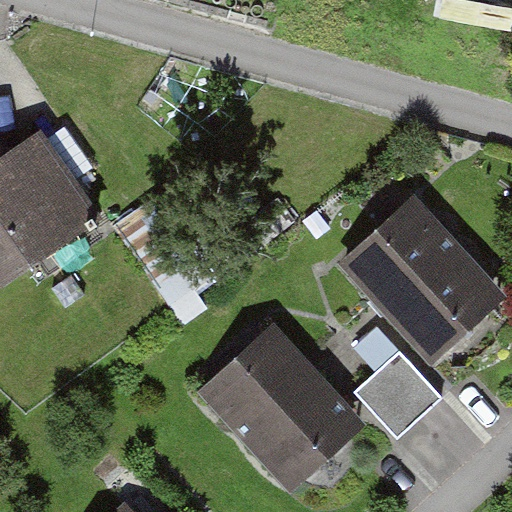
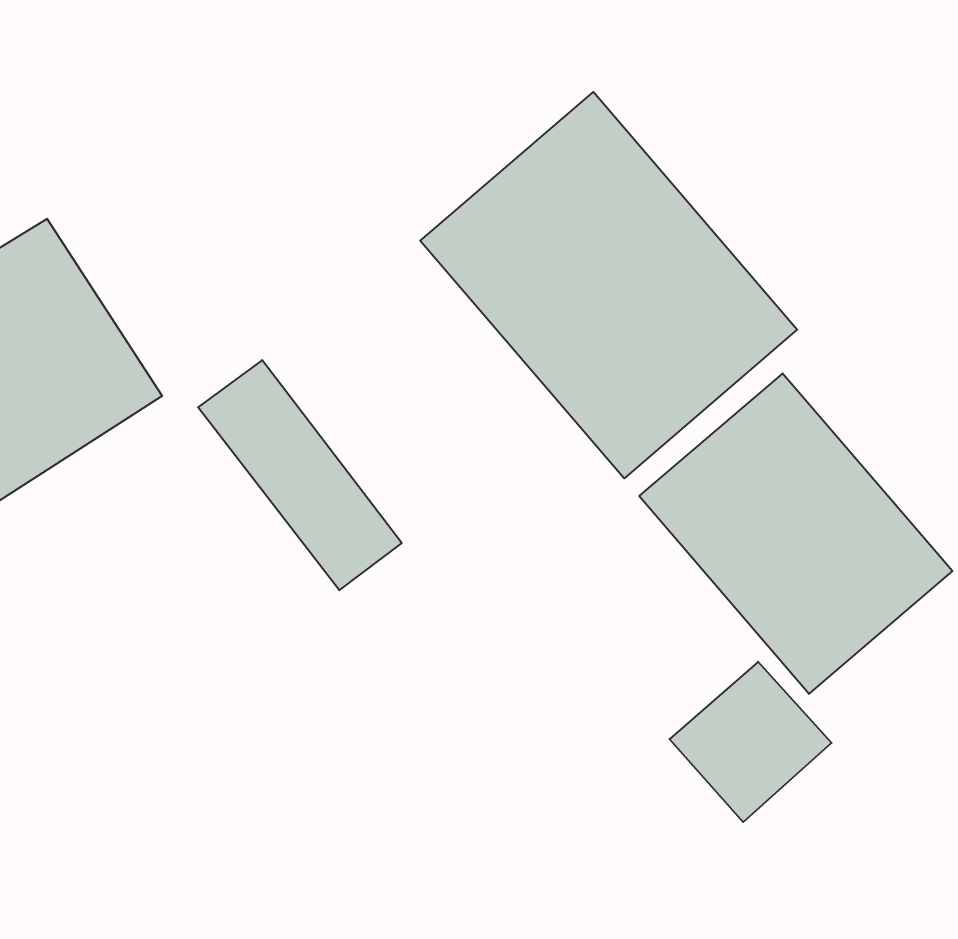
building: none -> [420,92,797,478]
building: [202,327,364,491] -> none

